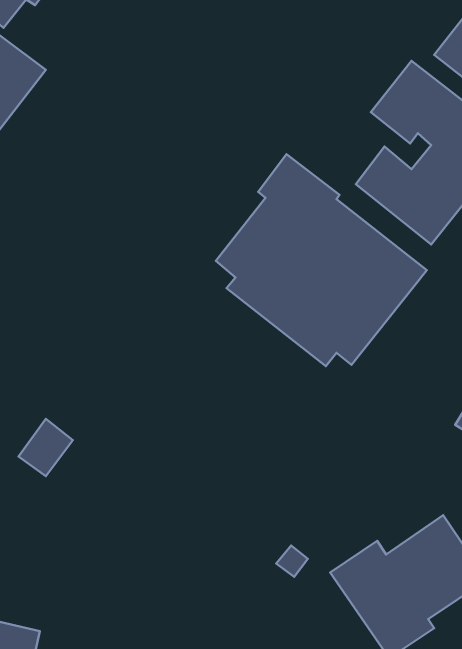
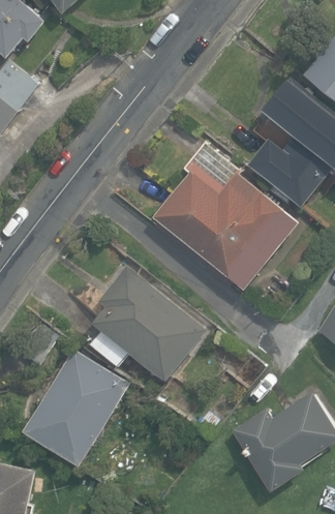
building: none -> [88,268,205,380]
building: none -> [24,351,127,463]

